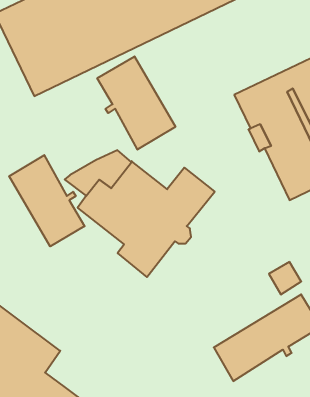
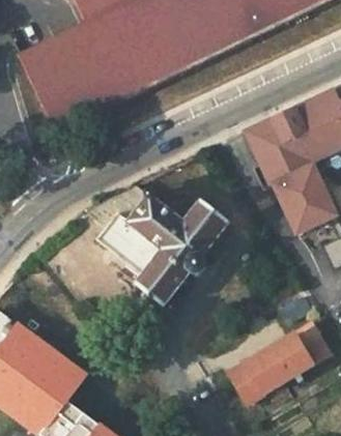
building: [97,56,175,150] -> none
building: [9,155,85,246] -> none

